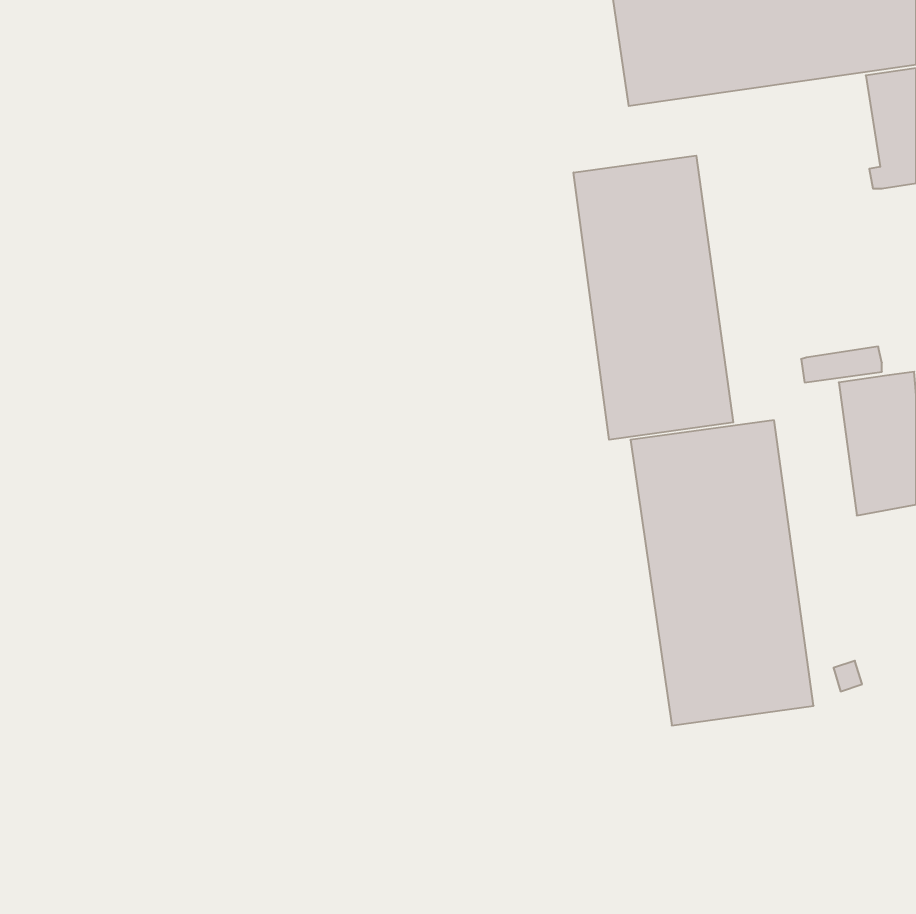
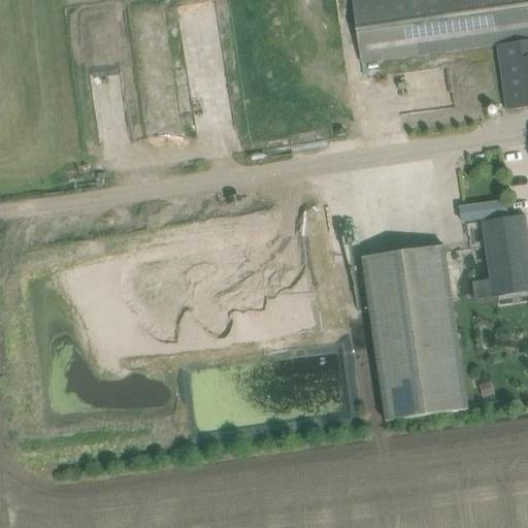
building: [574,156,733,440] -> none

